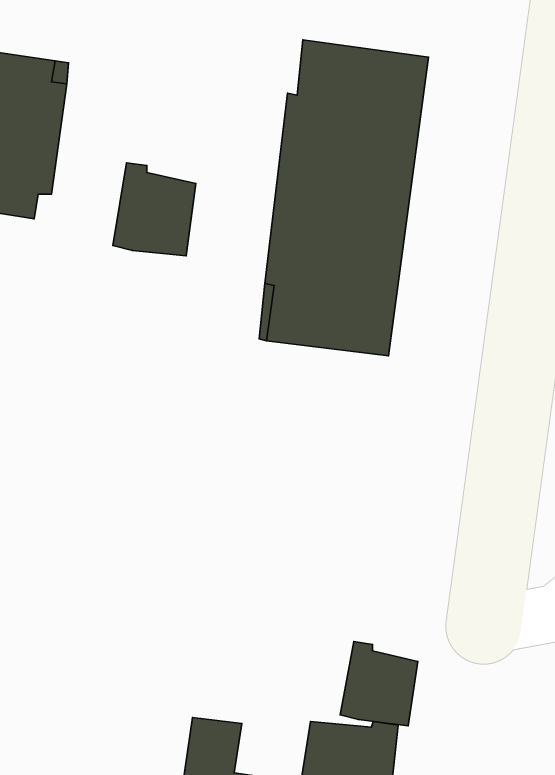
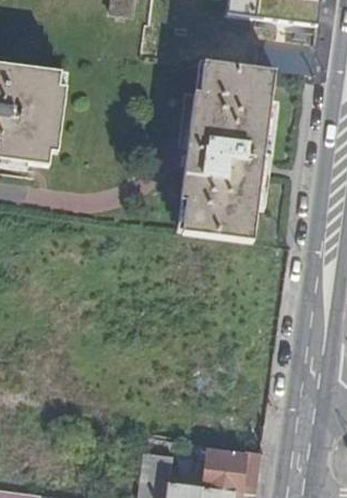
building: [113,163,196,256] -> none
building: [340,642,418,726] -> none

